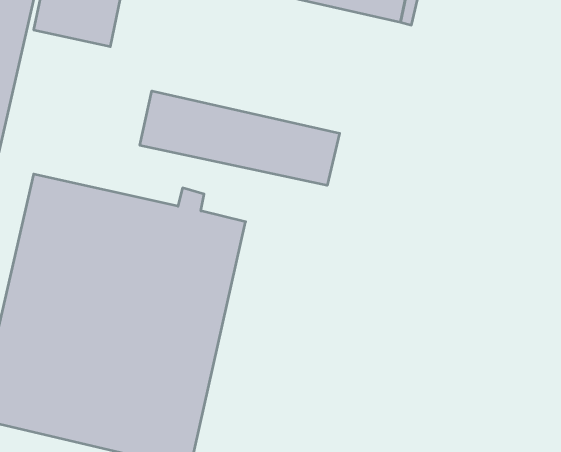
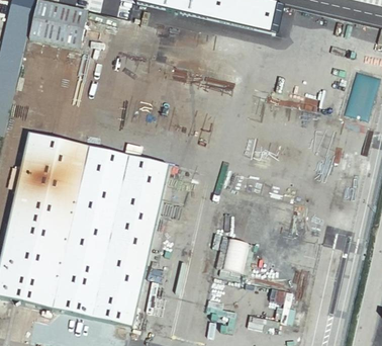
building: [140,91,340,185] -> none

